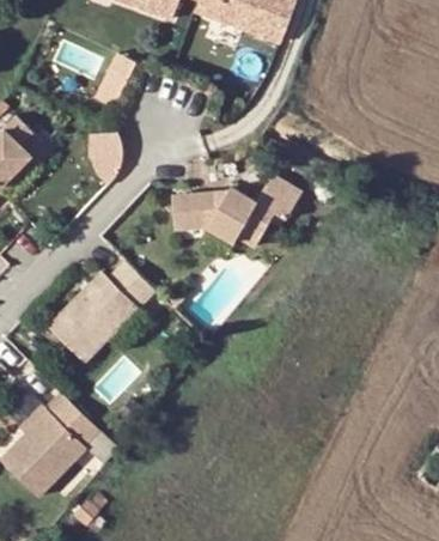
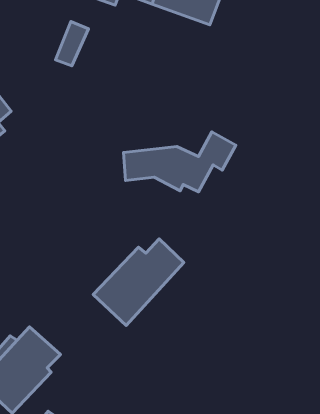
building: [87,128,122,182] -> none
building: [48,262,153,363] -> [93,239,184,325]

